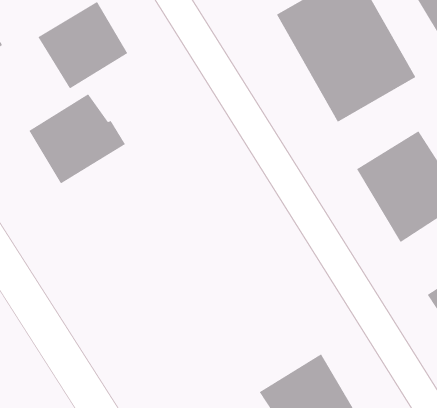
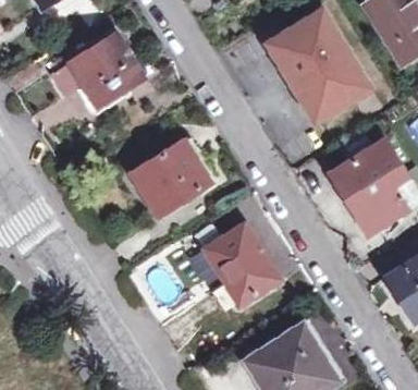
building: [29,93,126,184] -> [131,142,210,216]
building: none -> [206,224,275,304]

